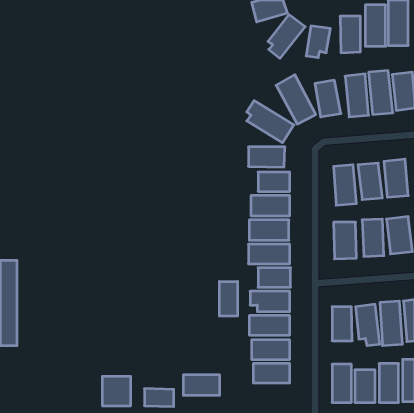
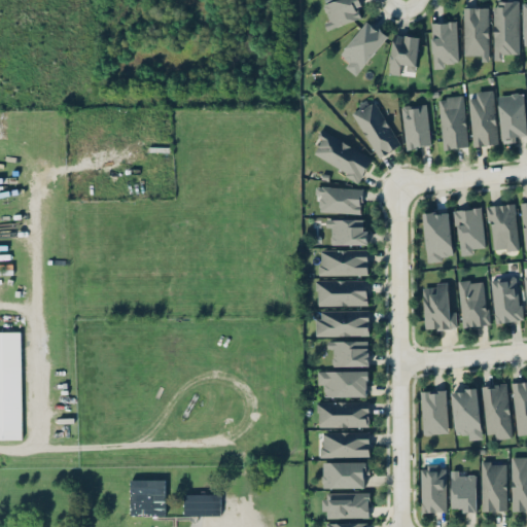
building: [219,281,238,316] -> none
building: [183,375,220,395] -> [323,493,370,519]

